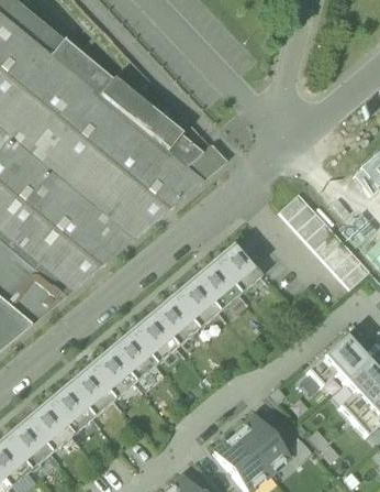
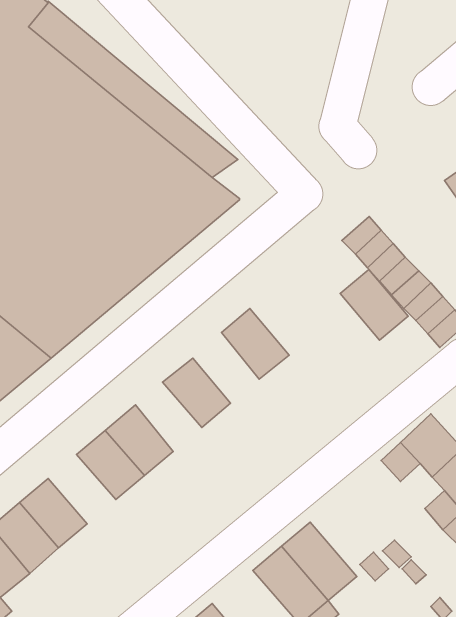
building: [185,144,227,179] -> none
building: [212,242,261,294] -> [340,269,408,340]
building: [170,277,219,329] -> none
building: [128,314,177,364] -> none
building: [65,367,114,417] -> none

